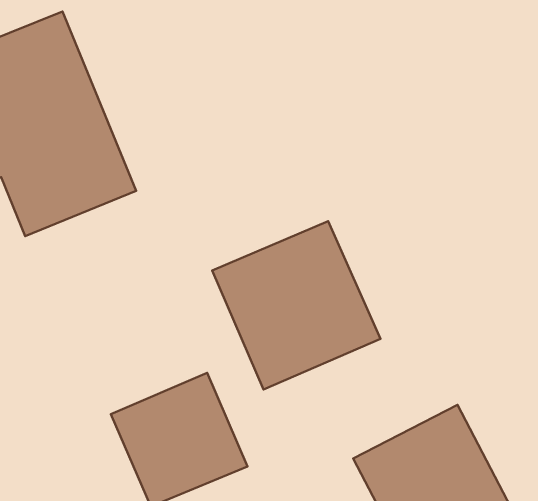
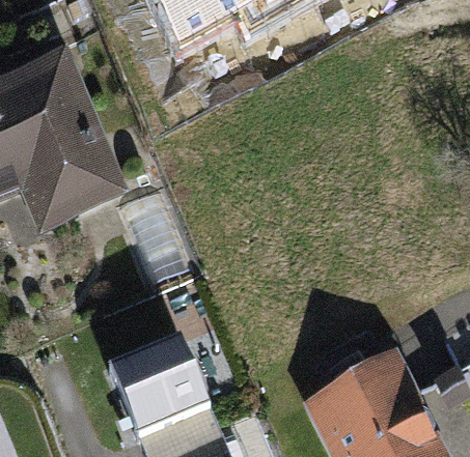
building: [212,221,380,389] -> none

